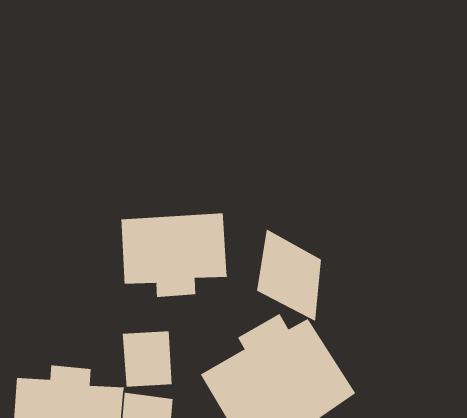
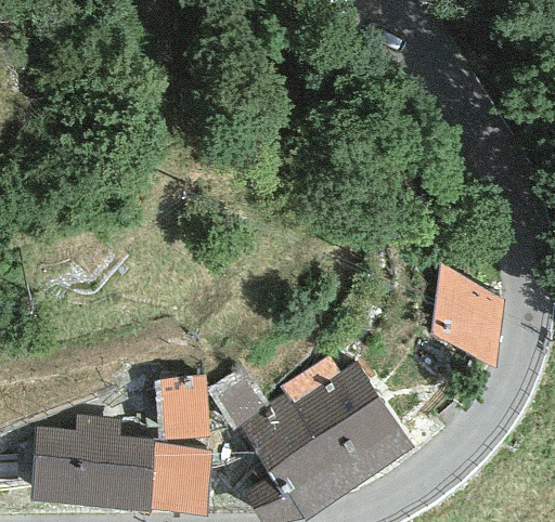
building: [121,213,228,298] -> none
building: [256,228,322,322] -> [431,263,504,367]

